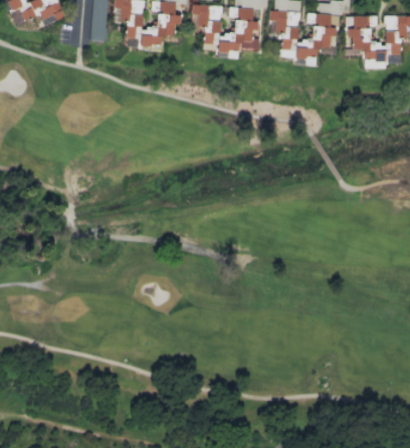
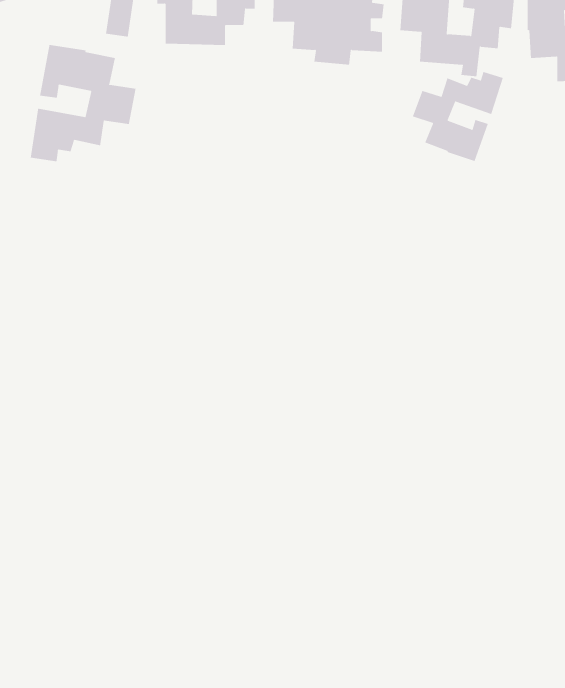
building: none -> [30,44,136,162]
building: none -> [412,71,503,162]

